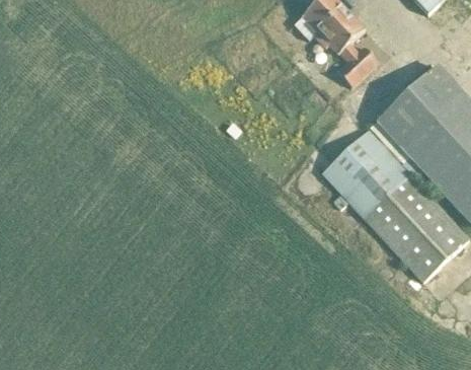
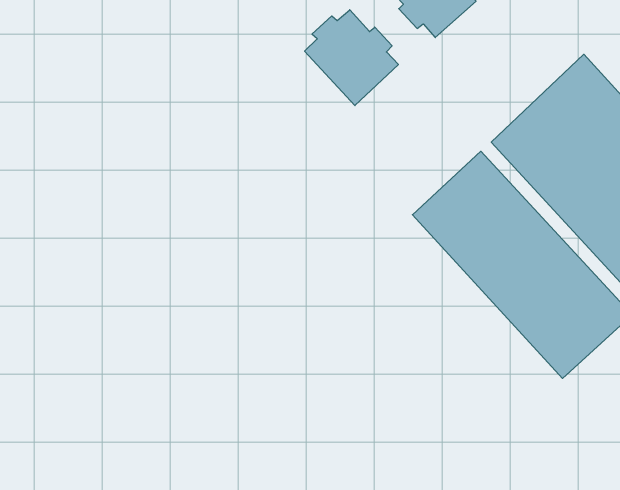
building: none -> [305,10,398,106]
building: [338,46,379,85] -> none

